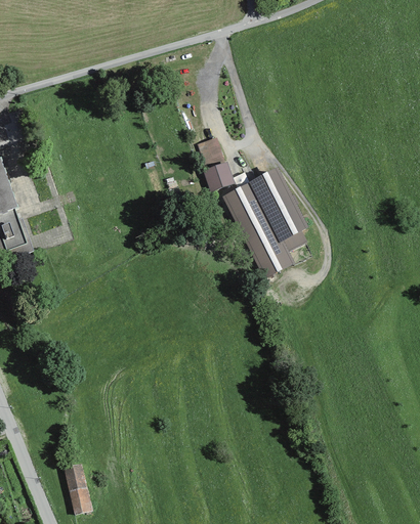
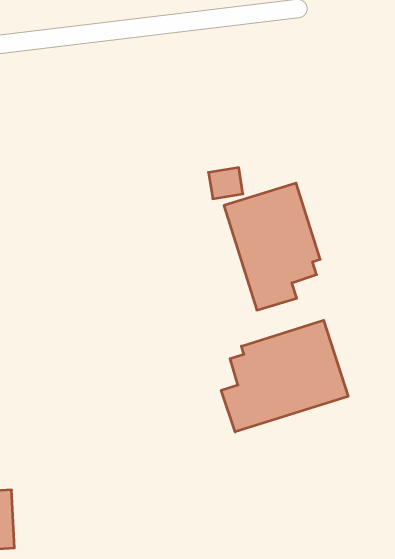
building: [196,137,223,166] -> none
building: none -> [221,320,348,432]

